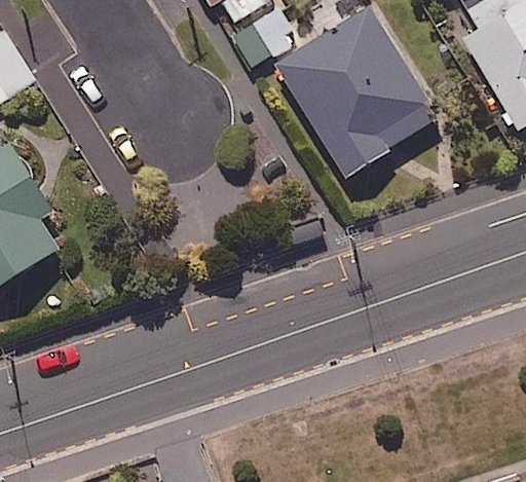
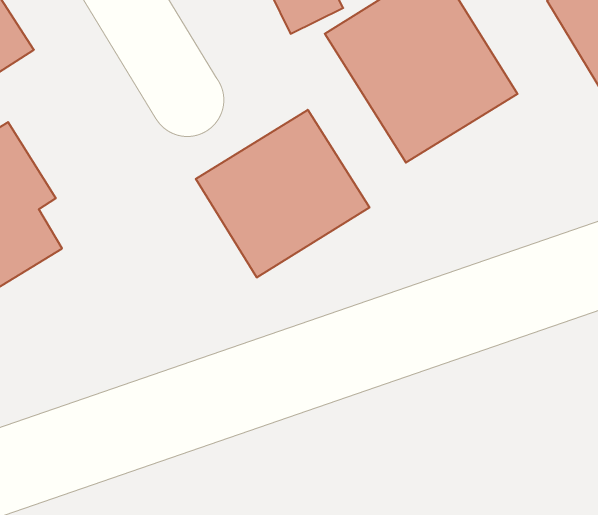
building: none -> [196,110,369,278]

